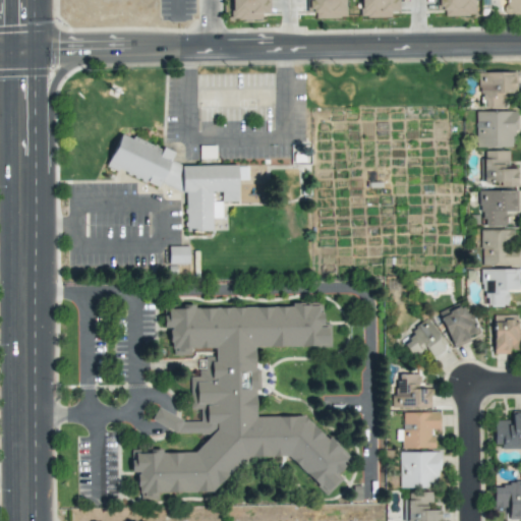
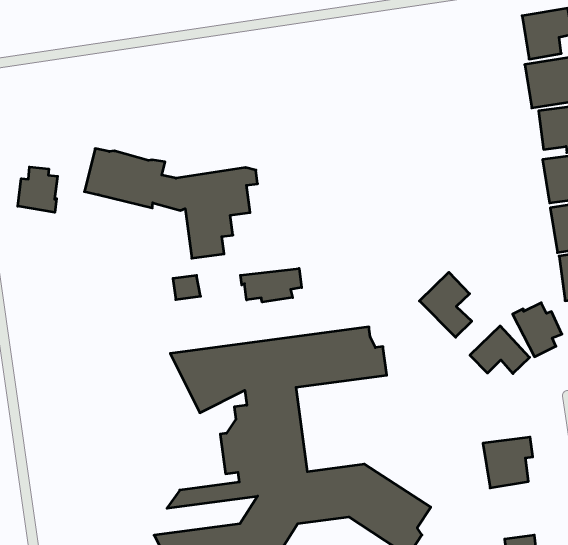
building: none -> [18,167,58,212]
building: none -> [240,268,302,302]
building: none -> [419,272,472,337]
building: [394,373,433,408] -> none
building: [402,452,443,487] -> none

